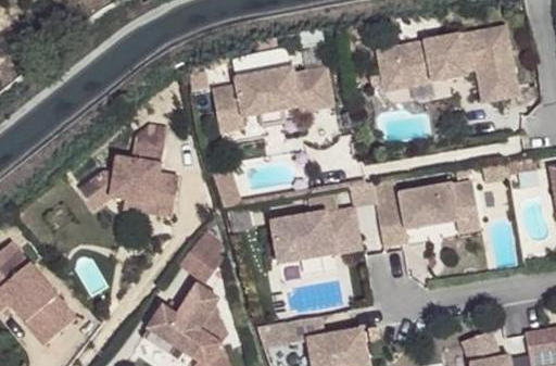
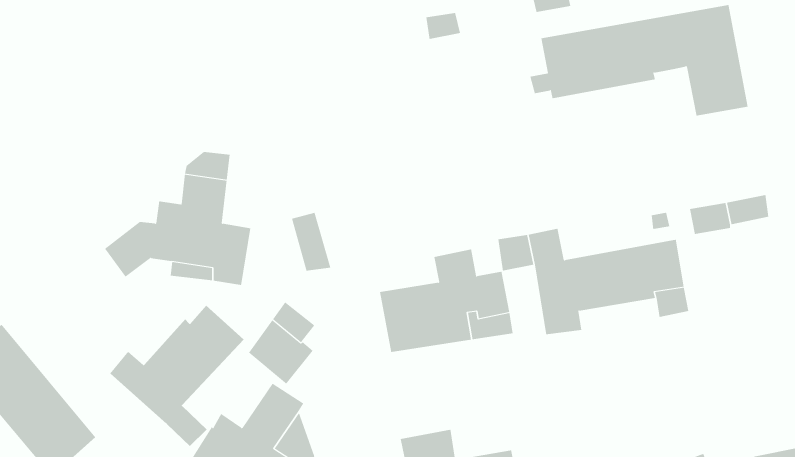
building: [213,65,334,131] -> none
building: none -> [110,305,245,447]

